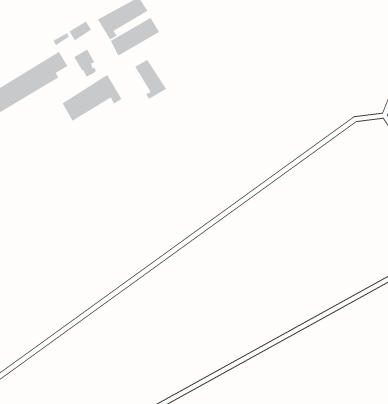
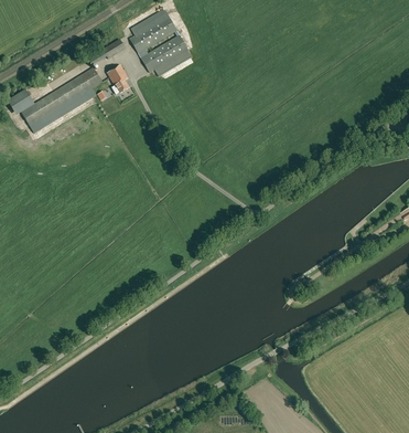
building: [134,59,167,100] -> none
building: [62,74,122,122] -> none

